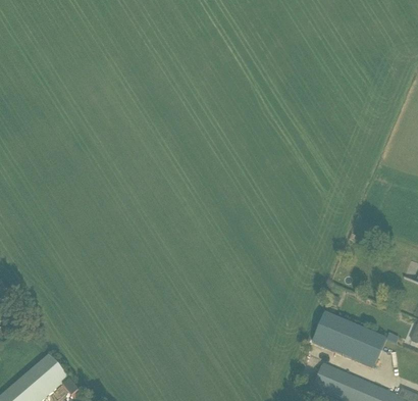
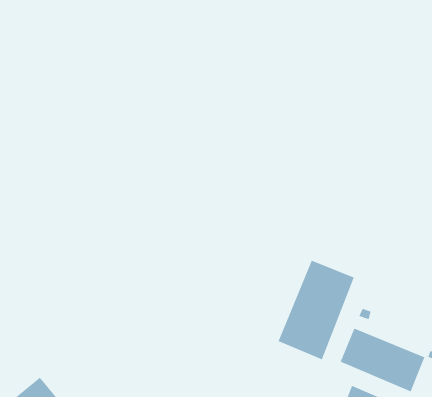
building: none -> [278,260,354,360]

